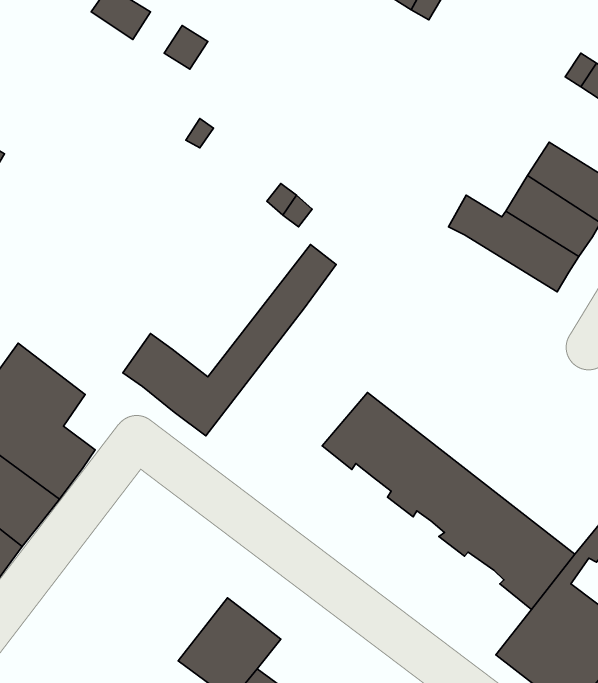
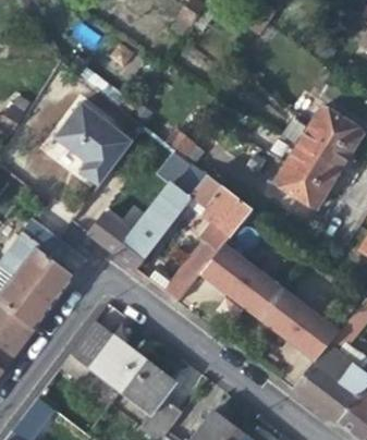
building: none -> [56,101,133,185]
building: none -> [266,157,329,207]
building: none -> [163,173,254,300]
building: none -> [62,319,147,392]

